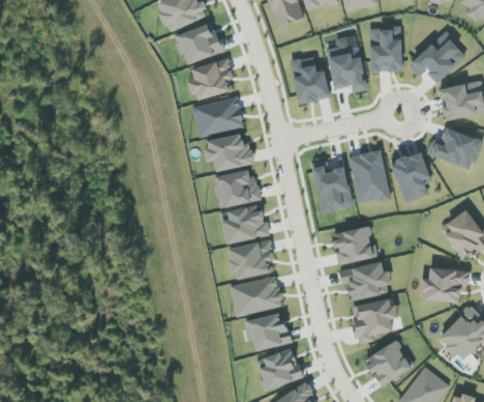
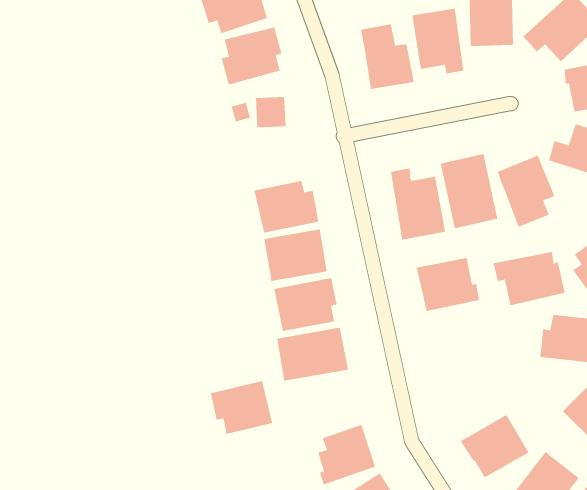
building: [204,133,254,170] -> none
building: [338,261,391,300] -> [493,252,565,306]
building: [351,297,395,343] -> none
building: [244,311,290,350] -> [210,380,273,435]

